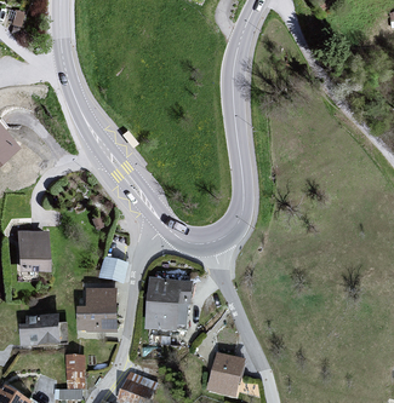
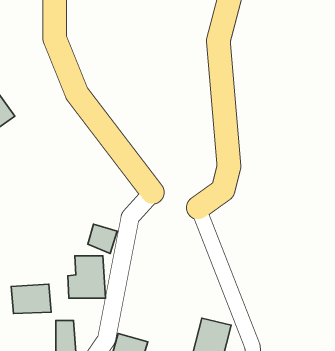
building: [18,226,48,274] -> none
building: [148,280,194,334] -> none

